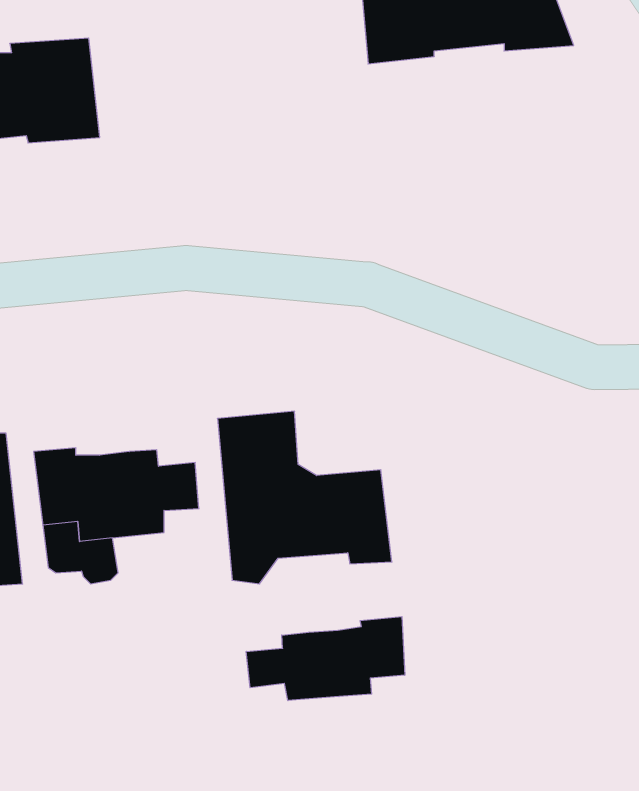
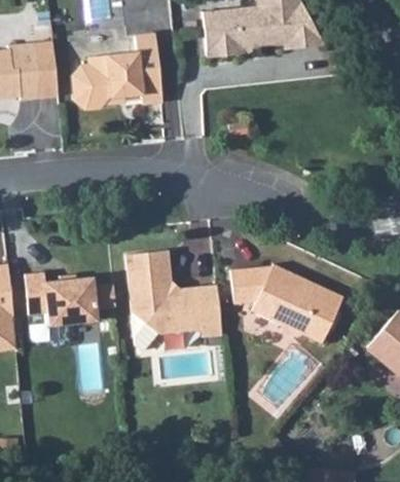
building: none -> [71,35,161,110]
building: none -> [230,260,340,338]
building: [246,617,405,701] -> none

